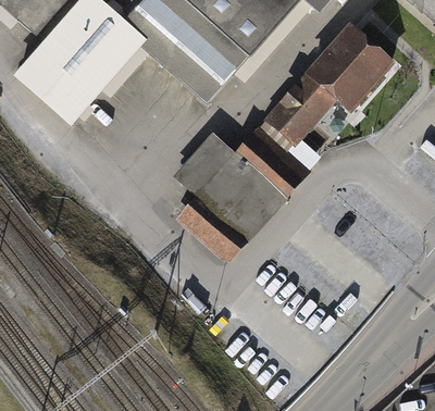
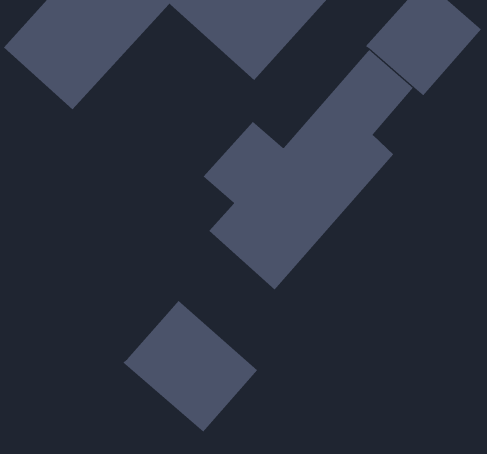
building: none -> [122,300,258,432]

